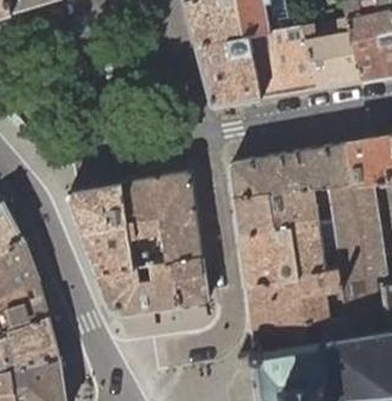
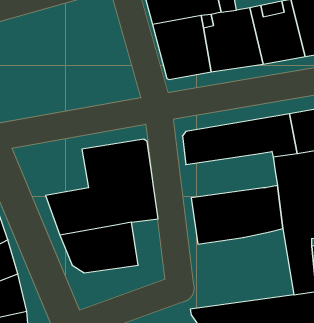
building: [66,183,128,234] -> none
building: [234,185,332,236] -> none
building: [175,259,210,309] -> none
building: [239,270,352,358] -> none

